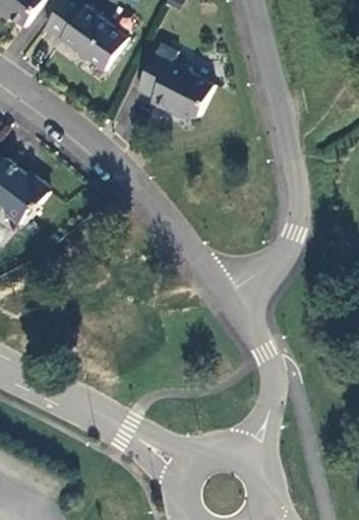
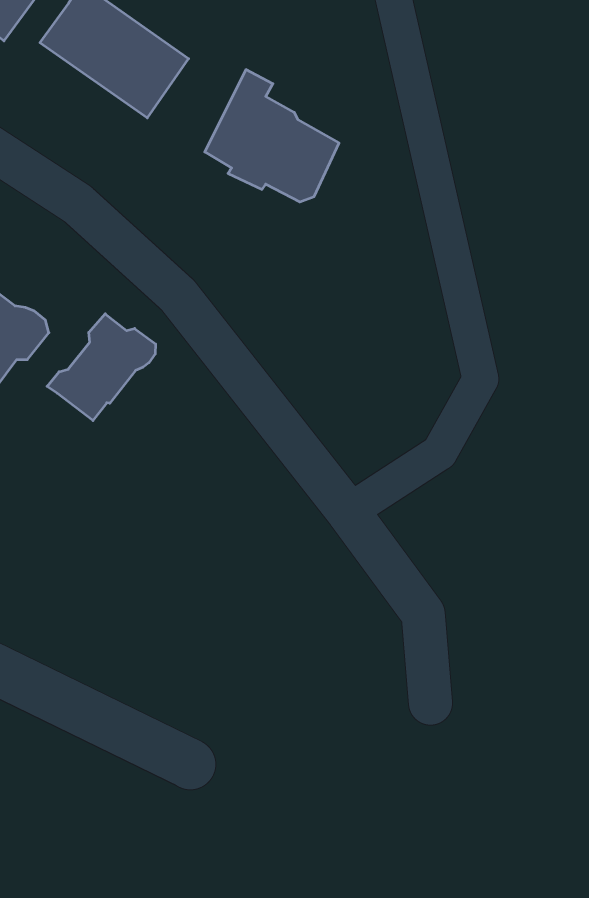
building: none -> [47,314,156,421]

